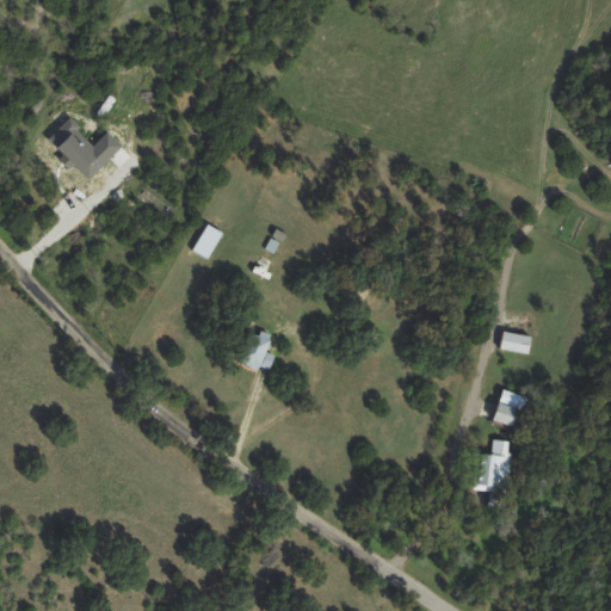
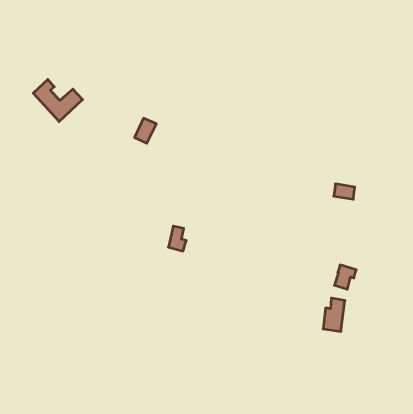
building: [191,223,223,260] -> [135,118,156,143]
building: [501,332,532,354] -> [334,184,355,199]

